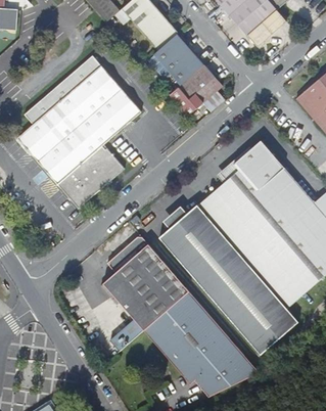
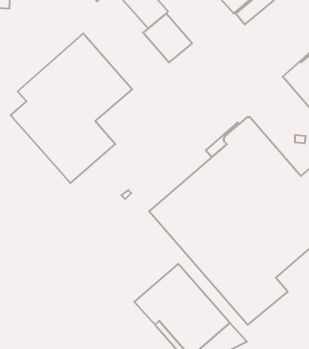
building: [169,64,222,117] -> none
building: [102,234,188,330] -> none

